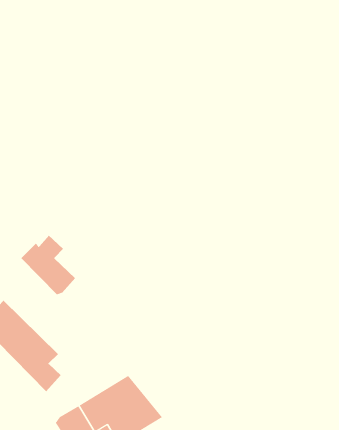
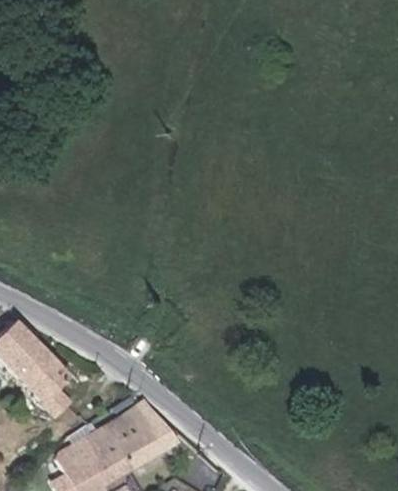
building: [21,235,76,295] -> none

